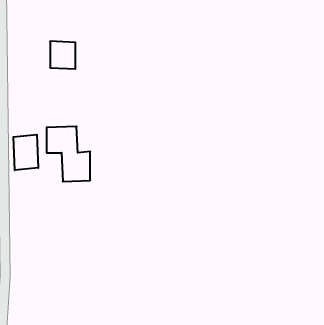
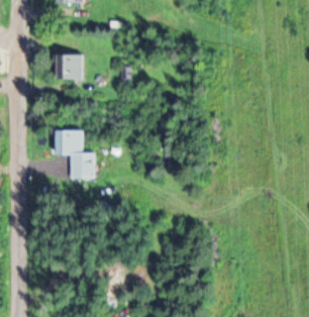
building: [13,135,38,170] -> none

